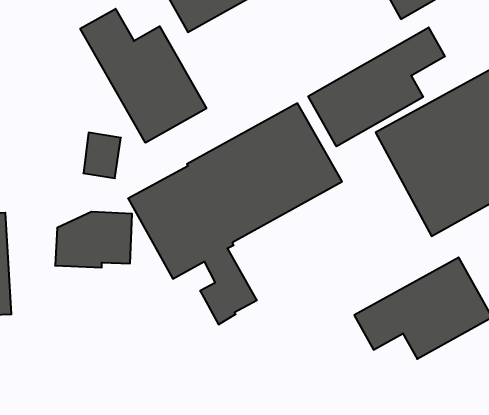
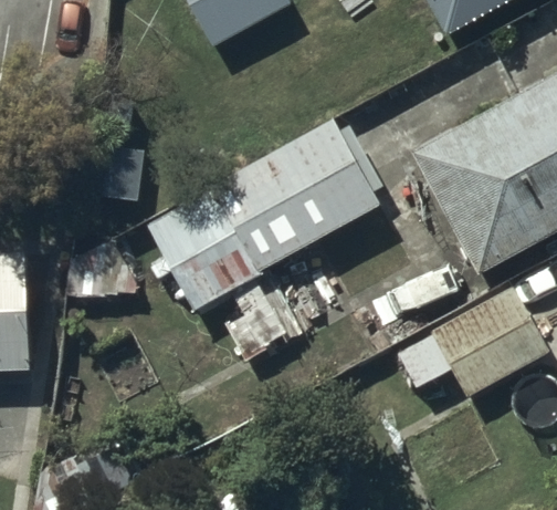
building: [80,9,206,143] -> none
building: [308,27,445,146] -> none

